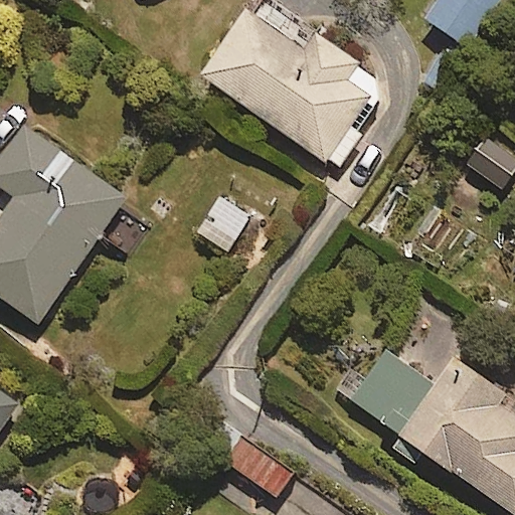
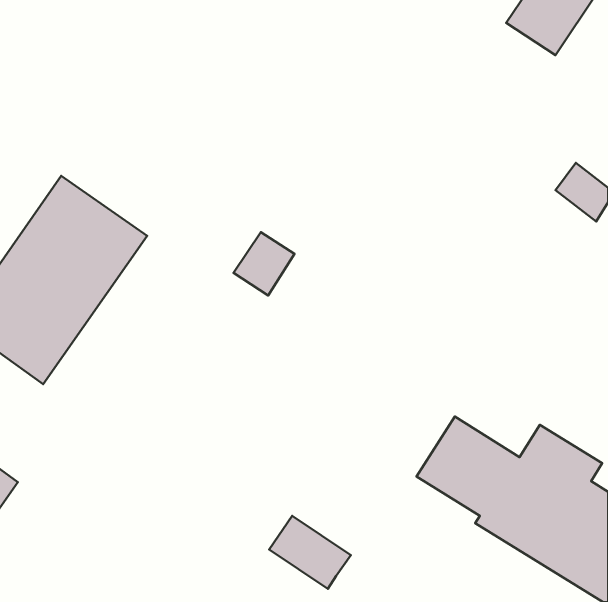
building: [204,16,379,165] -> none

